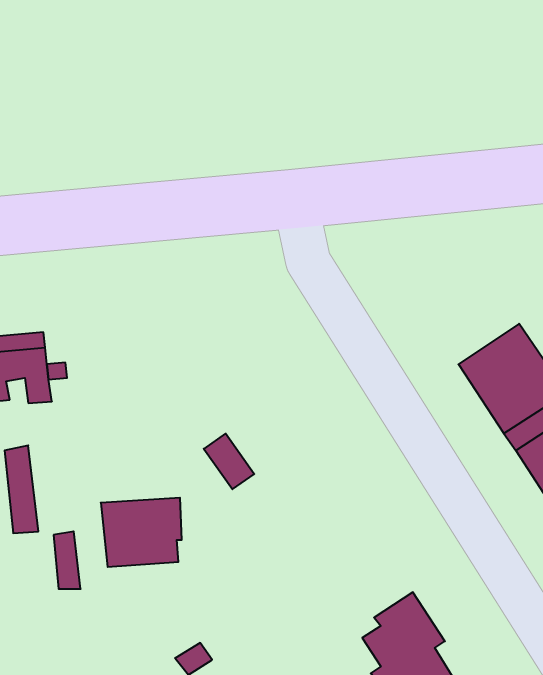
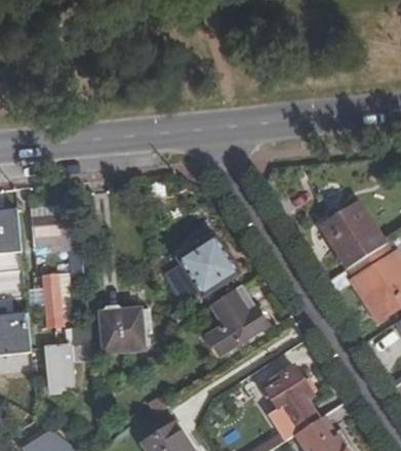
building: none -> [179,237,237,294]
building: none -> [209,286,265,344]
building: none -> [46,345,73,393]

